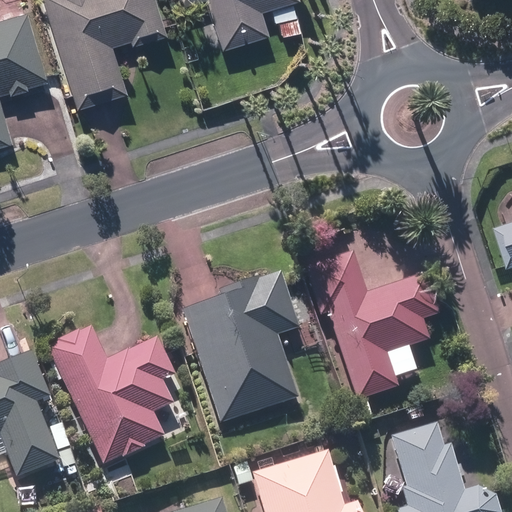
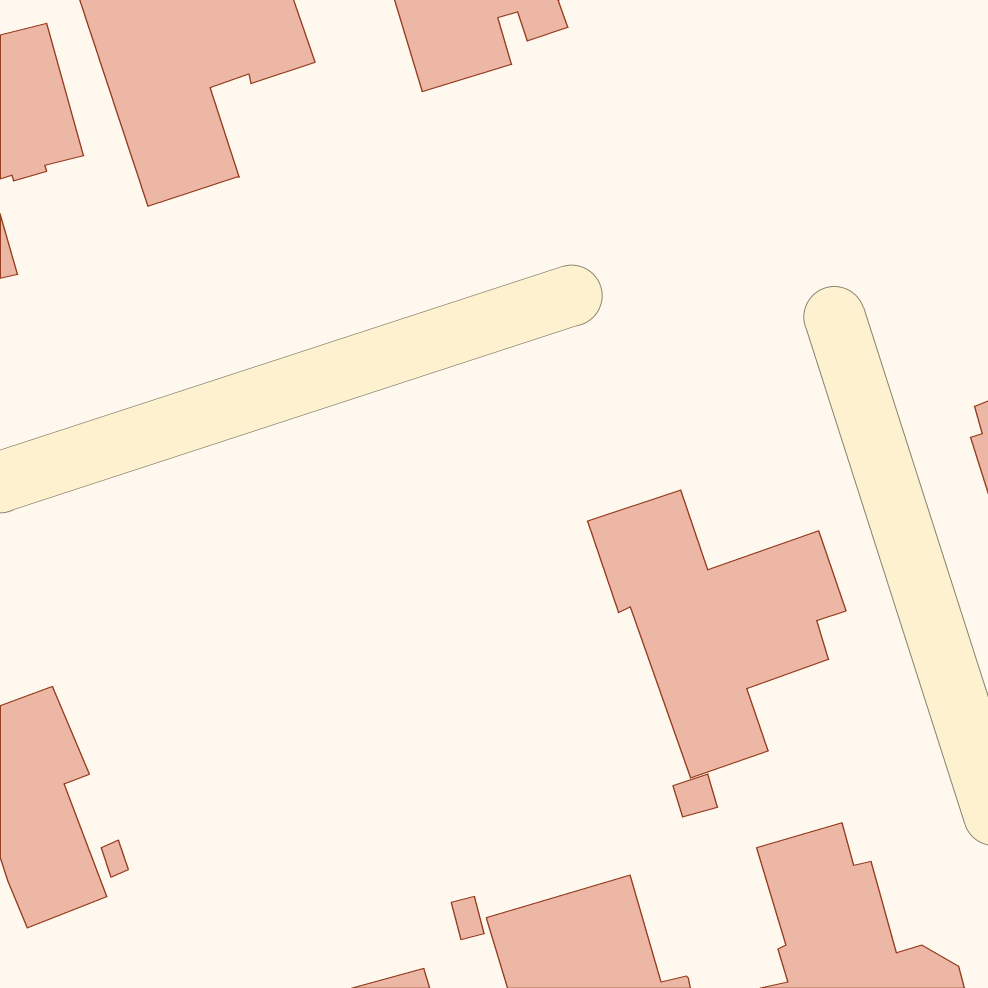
building: [183,273,300,424] -> none
building: [48,327,175,463] -> none

